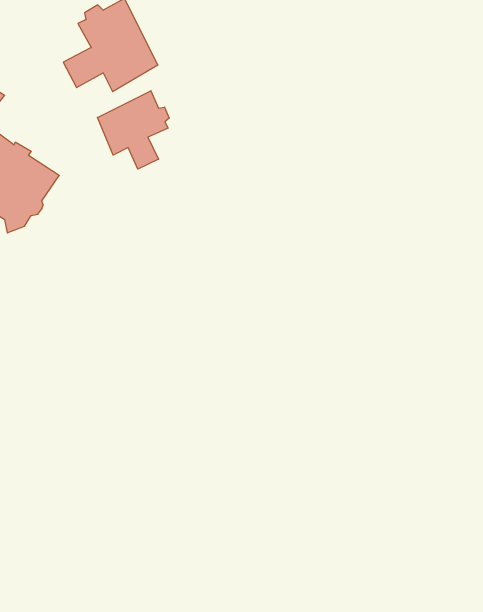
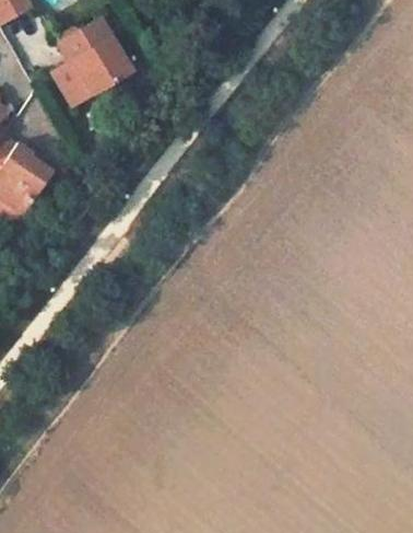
building: [97,91,169,169] -> none

